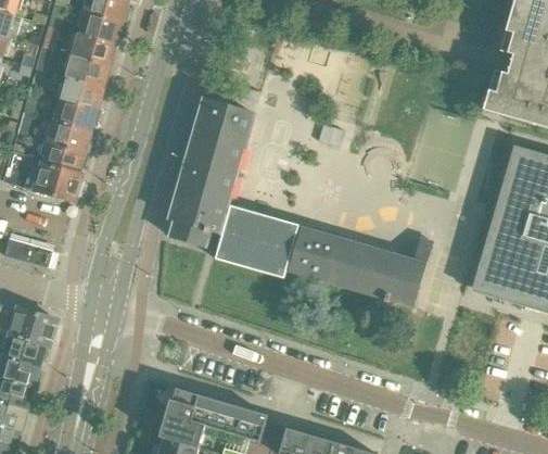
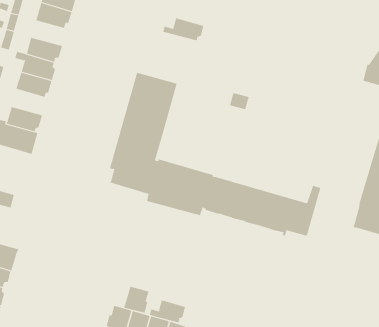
building: none -> [162,18,204,41]
building: [72,35,115,66] -> none
building: [48,119,91,152] -> none
building: none -> [124,286,149,314]
building: none -> [149,300,186,323]

